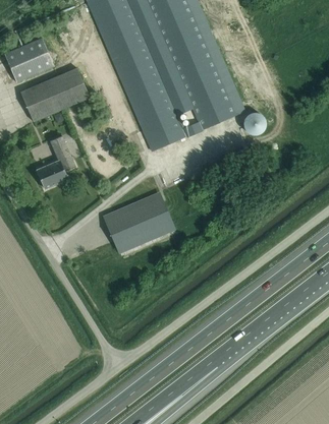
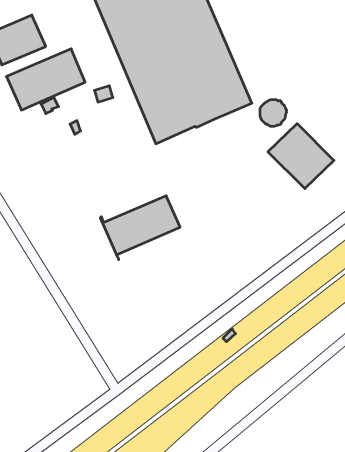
building: none -> [268,124,334,189]
building: [37,135,74,188] -> none

